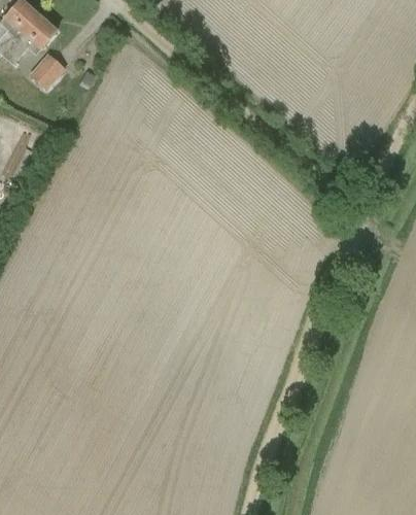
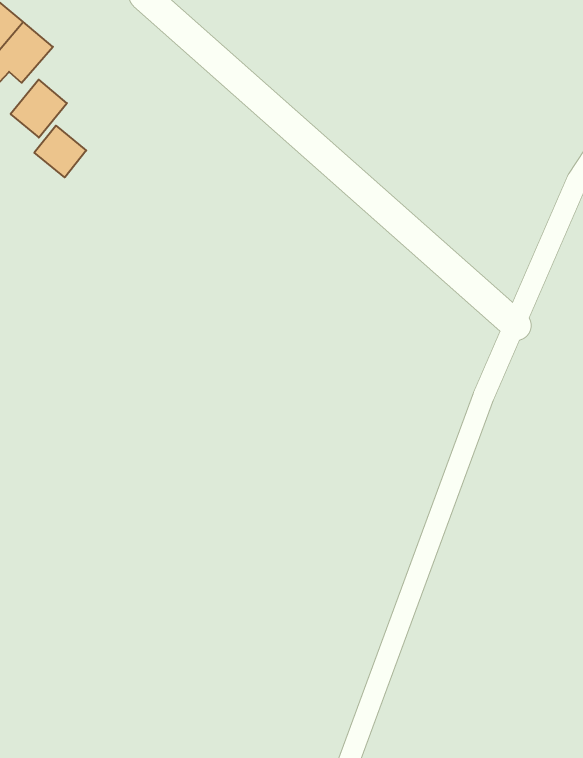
building: none -> [34,126,86,177]

